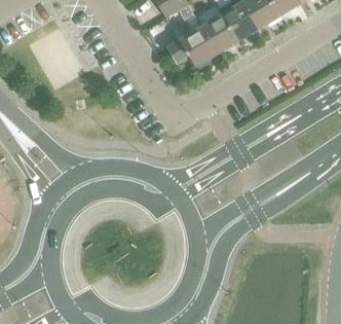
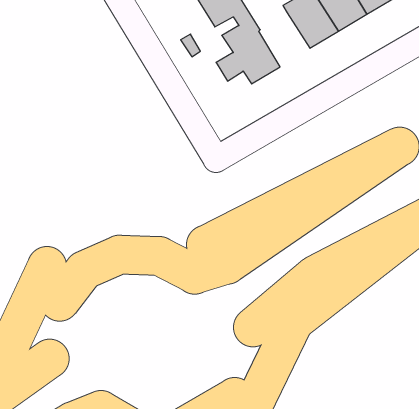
building: [204,13,241,52] -> none

